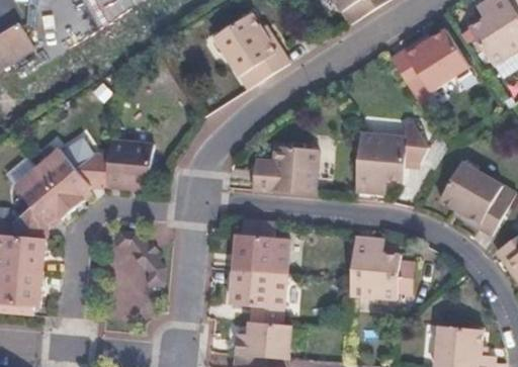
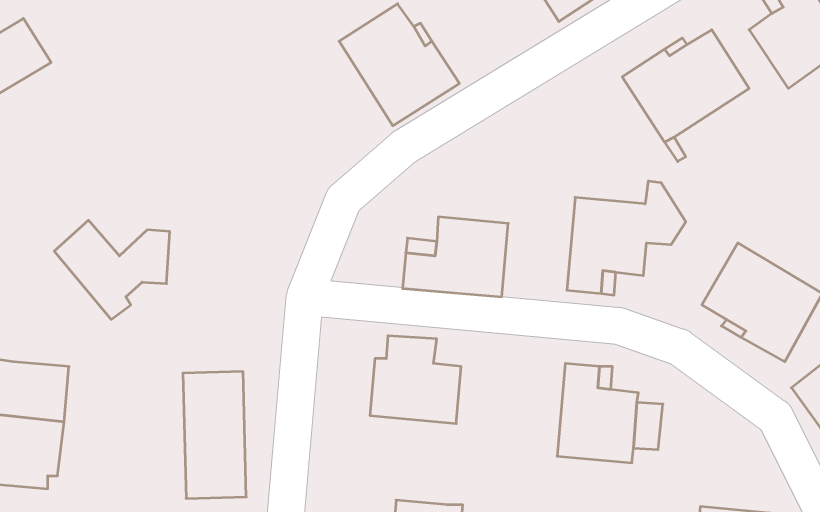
building: [106,141,153,189] -> none
building: [11,167,72,239] -> none
building: [230,269,286,325] -> none

